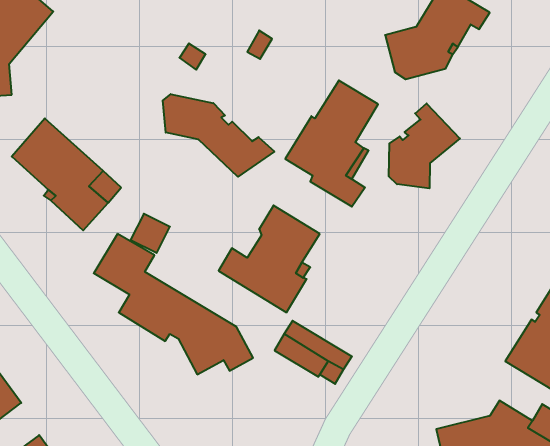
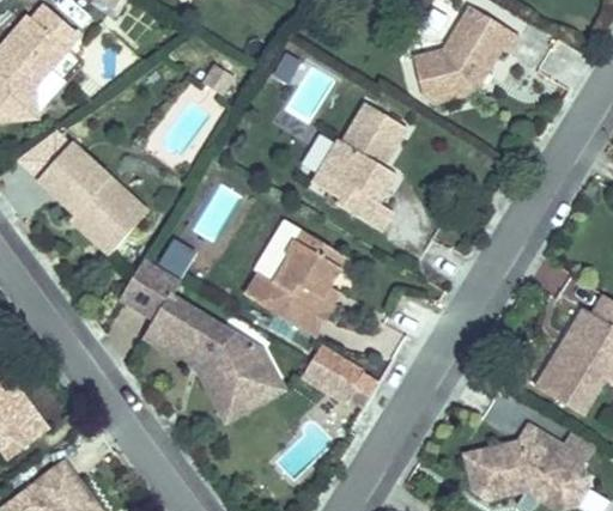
building: [163,94,274,177] -> none
building: [389,103,460,188] -> none
building: none -> [192,357,284,419]

